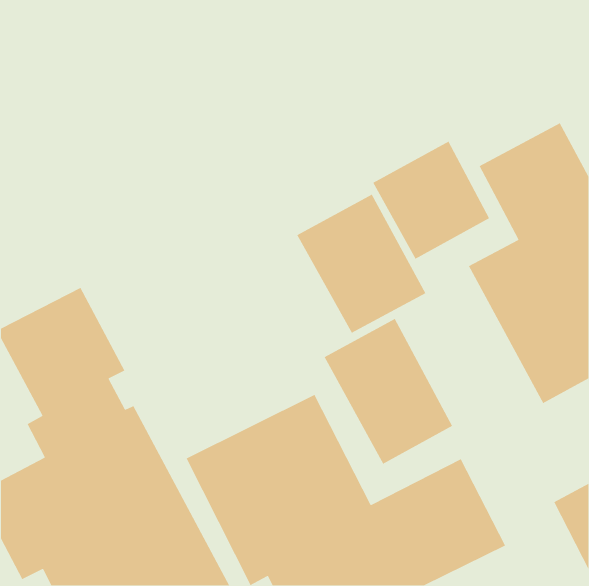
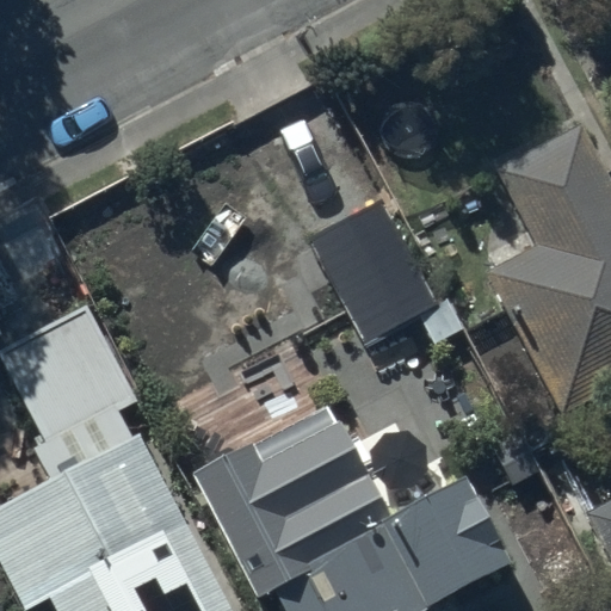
building: [372,141,490,260] -> none
building: [324,318,453,465] -> none

